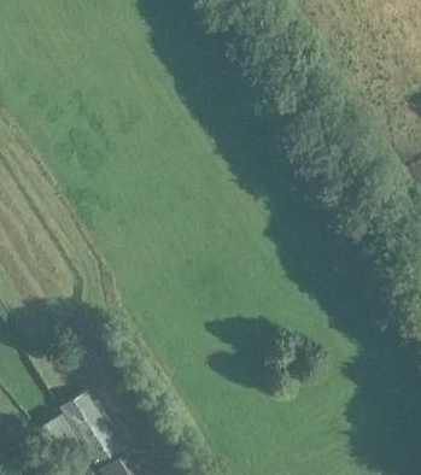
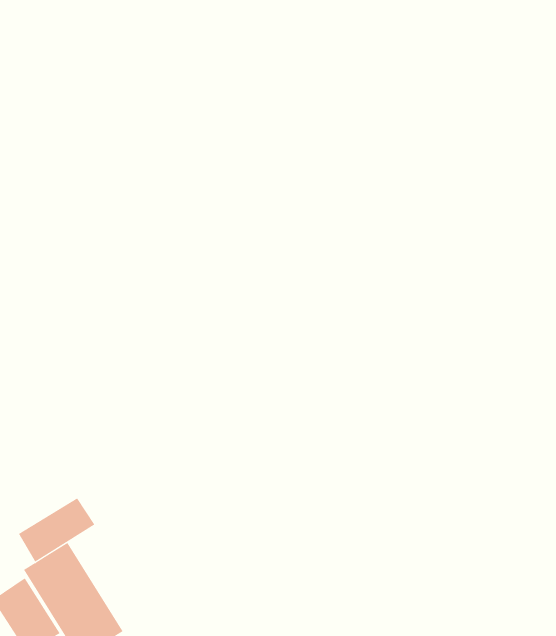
building: none -> [18,497,95,563]

